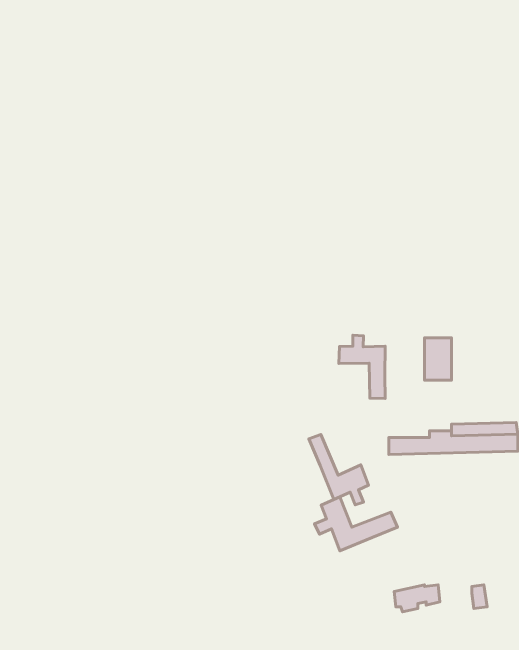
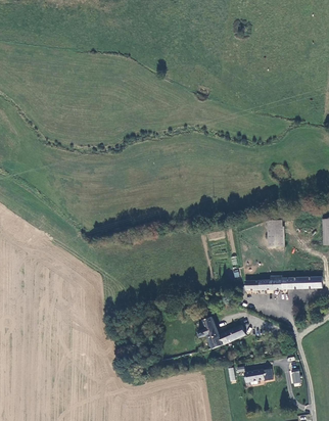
building: [339,335,385,399] -> none
building: [309,435,368,505] -> none

